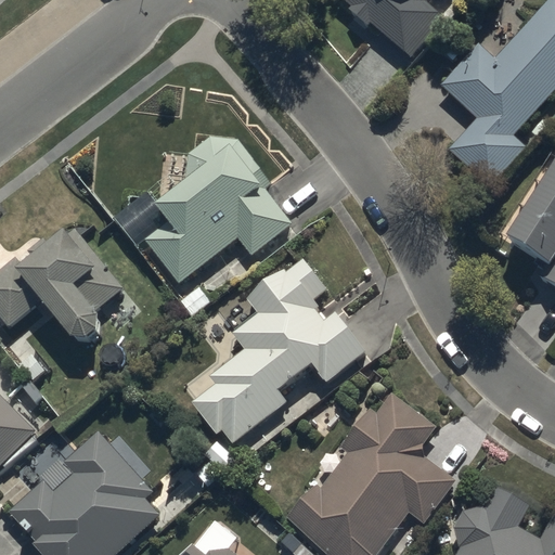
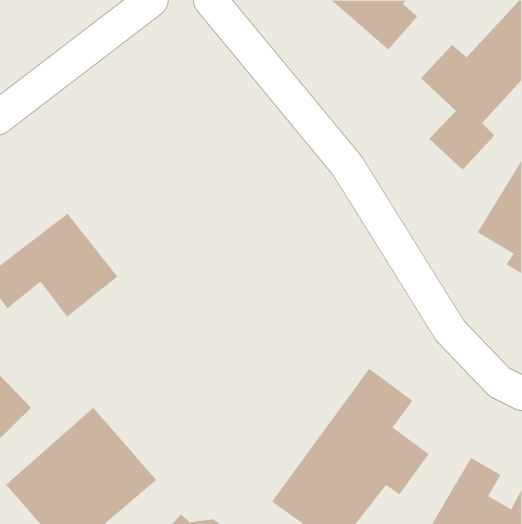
building: [143,132,292,285] -> none
building: [196,263,364,443] -> none

